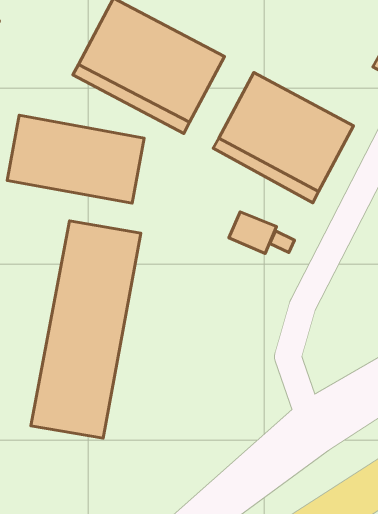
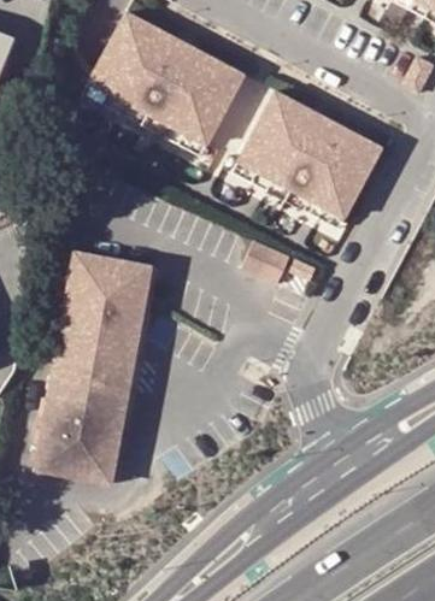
building: [7,115,144,203] -> none

